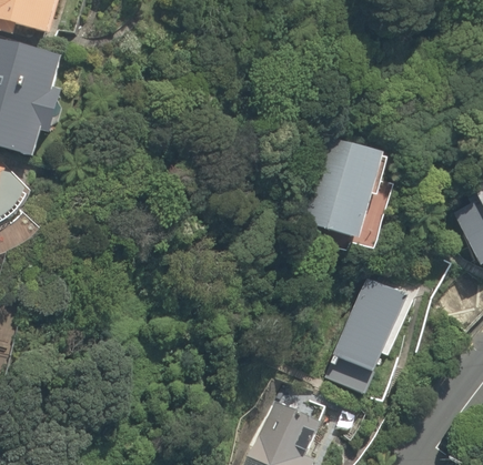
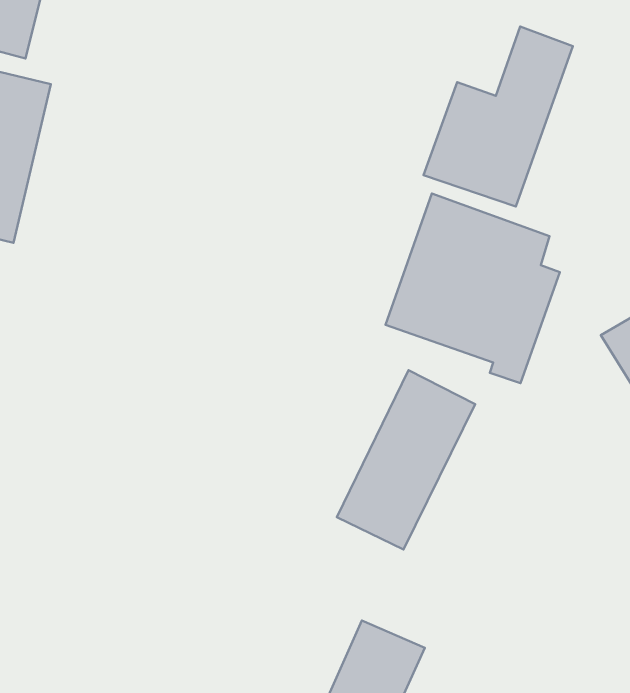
building: none -> [423,27,573,207]
building: [323,277,413,394] -> [337,370,475,550]

